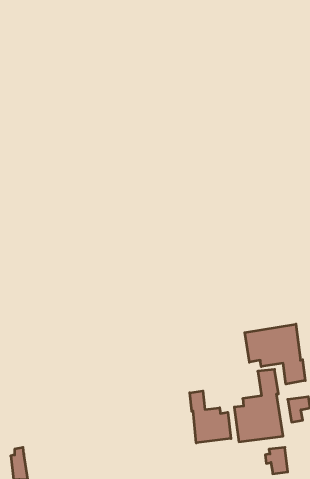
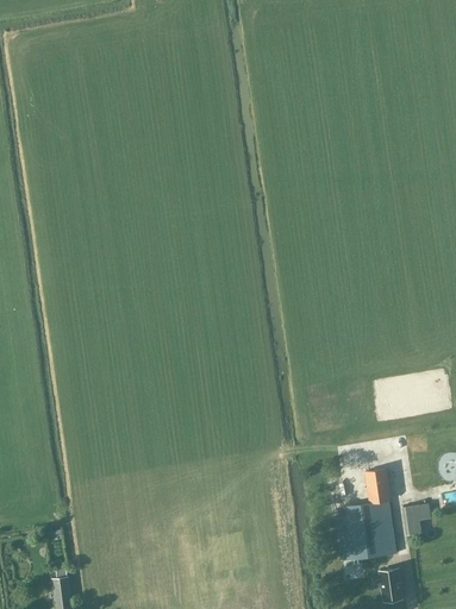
building: [245,324,305,384] -> none
building: [190,391,231,443] -> none

